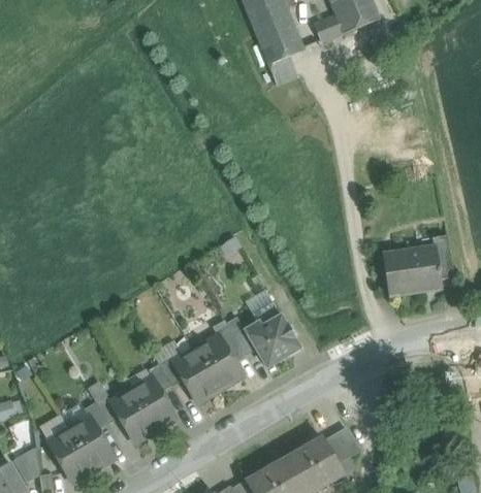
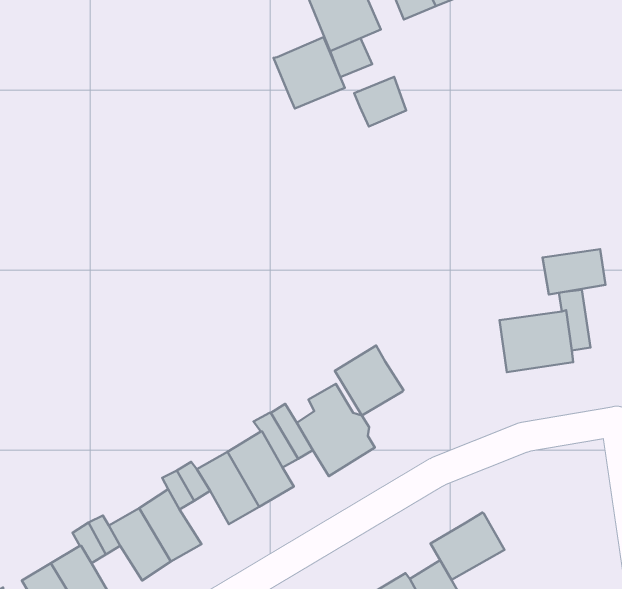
building: none -> [273,37,345,108]
building: none -> [354,77,406,126]
building: none -> [543,249,605,294]
building: none -> [335,346,404,416]
building: none -> [431,513,505,580]

